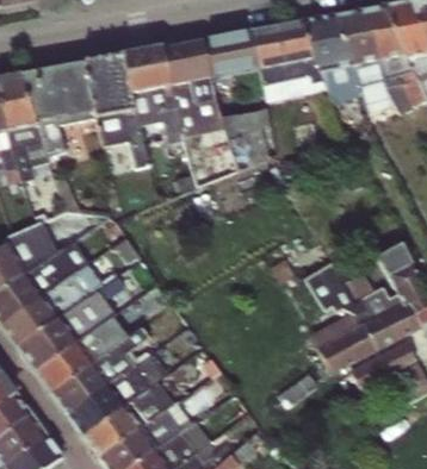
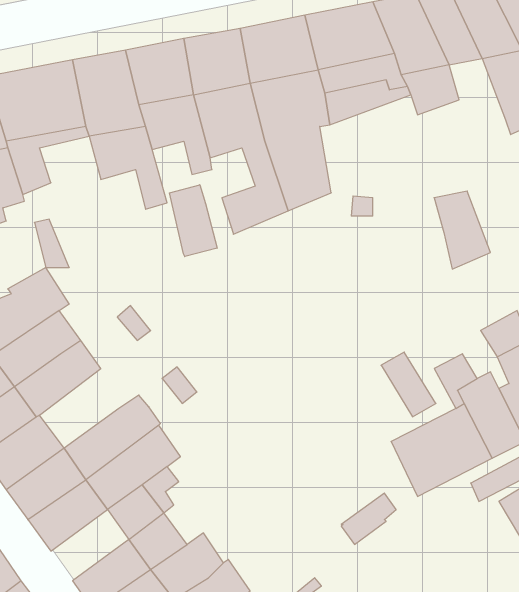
building: [353,60,394,115] -> [434,191,490,269]
building: none -> [169,185,217,257]
building: [58,282,116,339] -> none
building: [67,383,123,434] -> none

